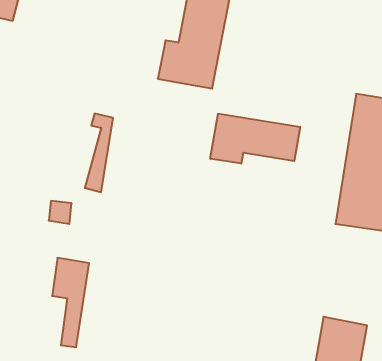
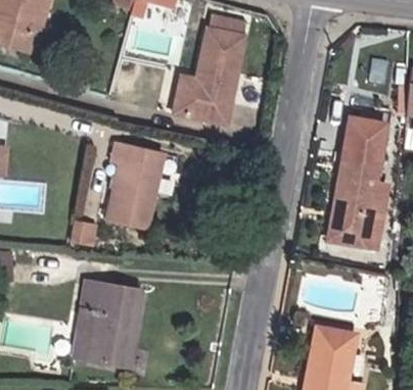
building: [210,114,300,164] -> none
building: none -> [113,143,154,218]
building: none -> [90,279,132,361]

